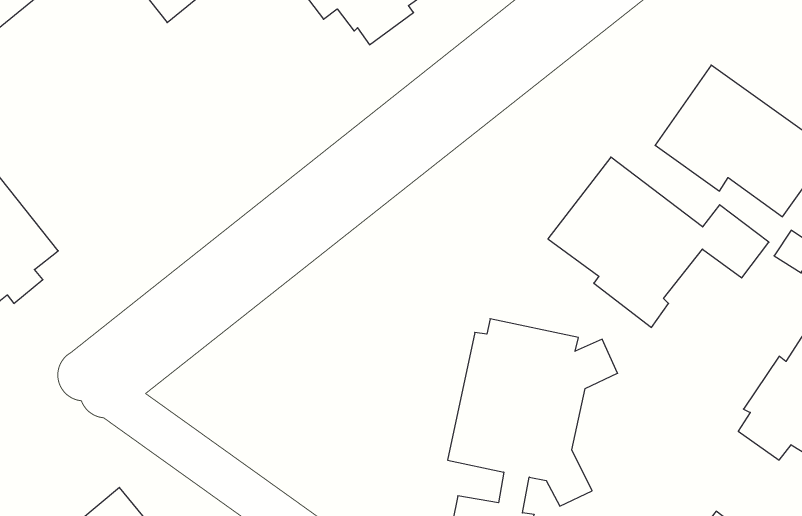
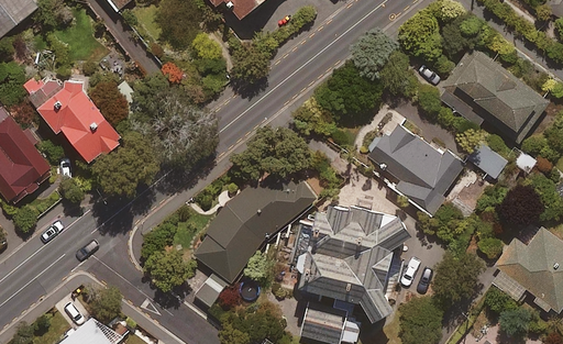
building: none -> [22,63,121,157]
building: none -> [191,160,314,310]

